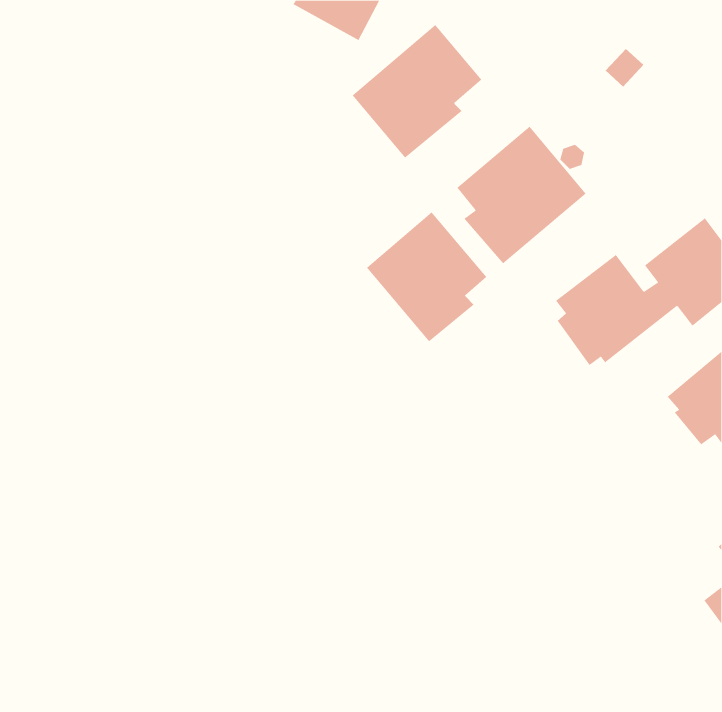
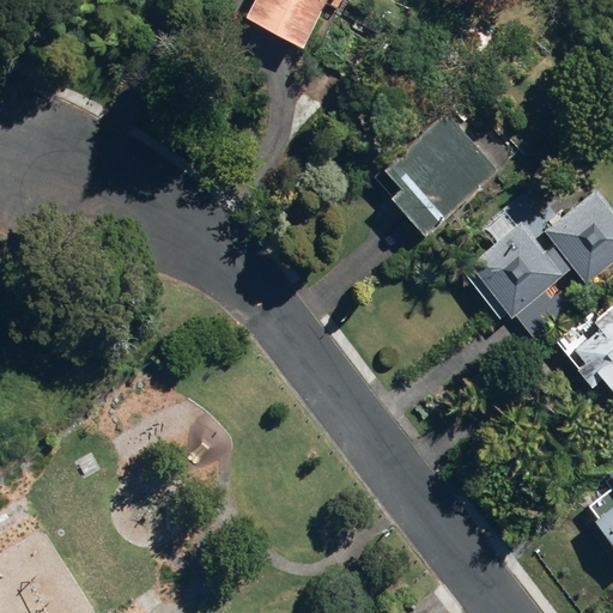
building: [352,24,482,159] -> none
building: [366,211,487,342] -> none

